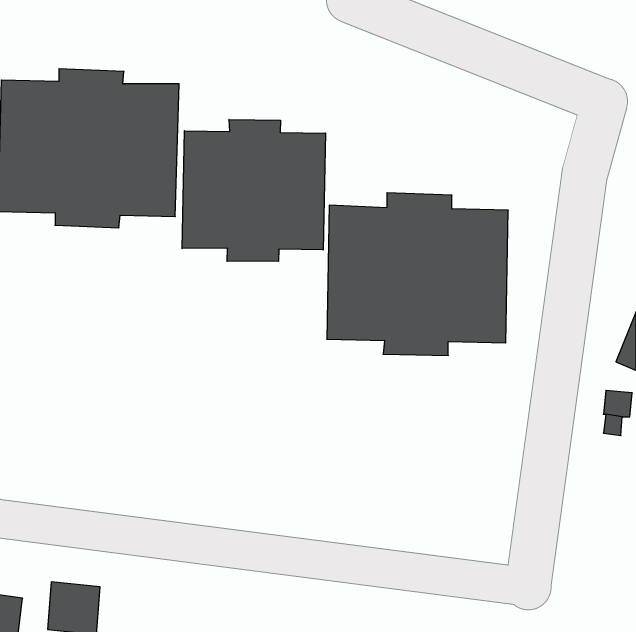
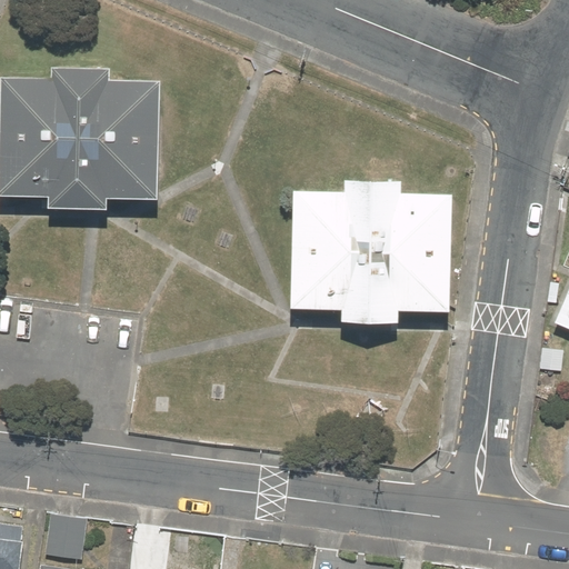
building: [182,119,325,261] -> none

